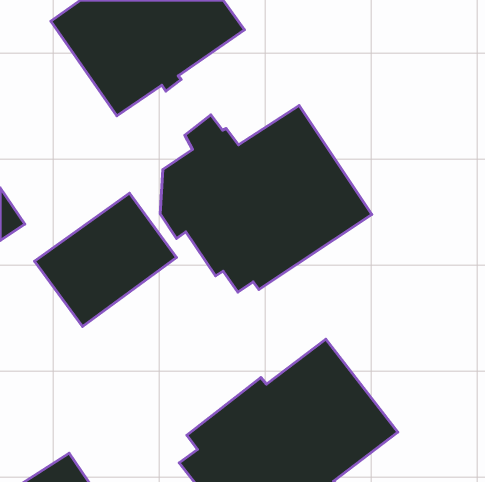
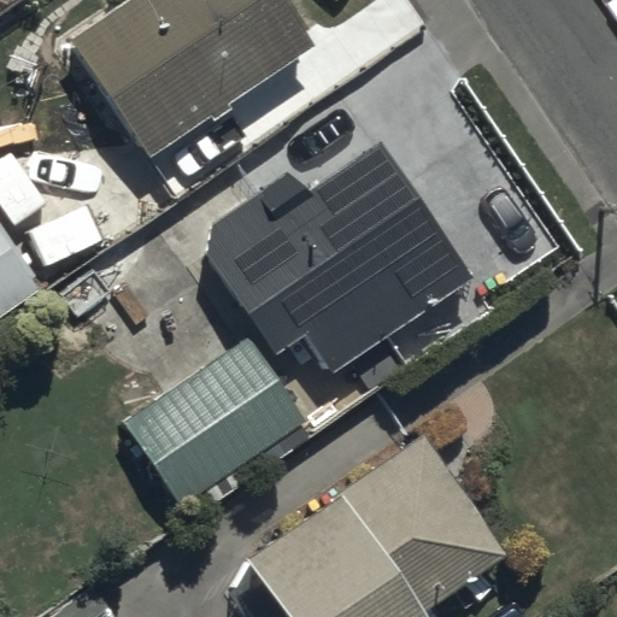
building: [35,193,176,326] -> [129,339,307,506]

